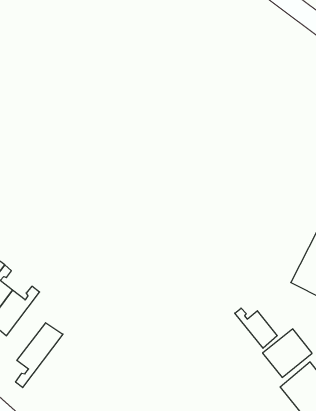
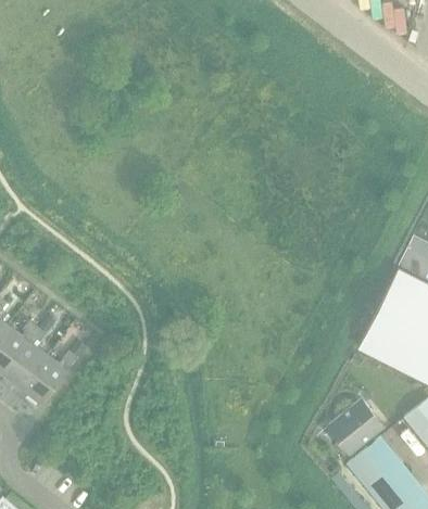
building: [235,308,277,348] -> none
building: [16,323,63,388] -> none

